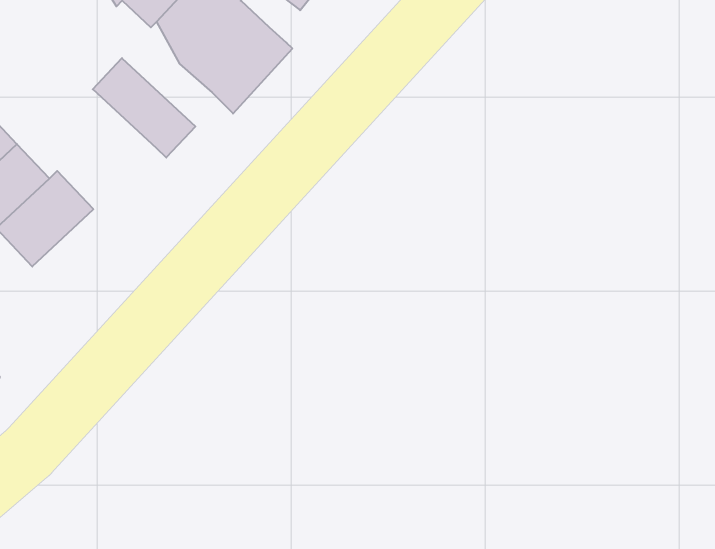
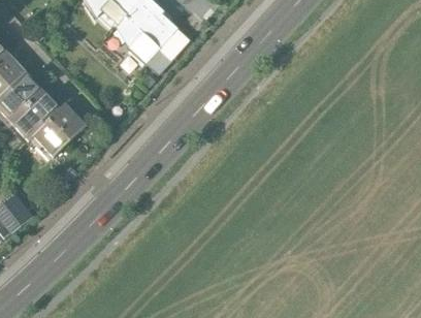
building: [93,58,195,158] -> none

